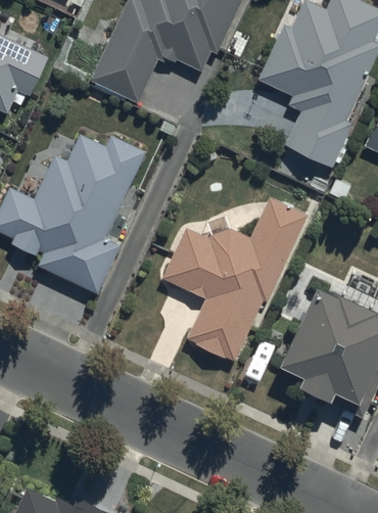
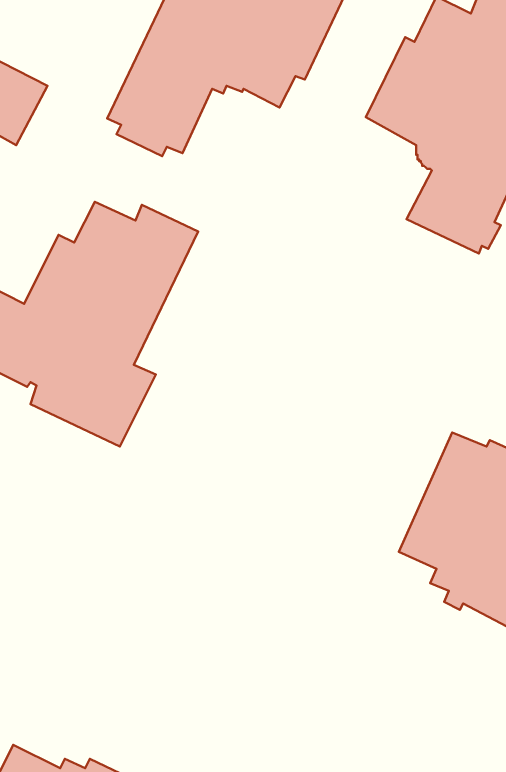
building: [162,198,306,362] -> none

